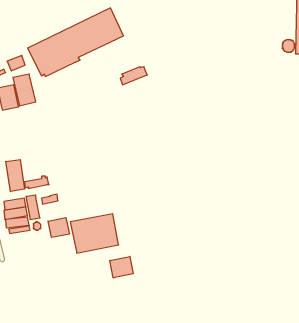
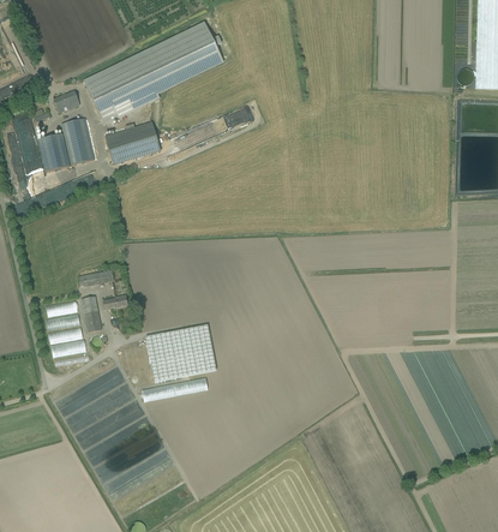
building: none -> [104,121,161,163]
building: [6,160,25,192] -> none
building: [48,218,69,237] -> none
building: [110,256,133,278] -> none

